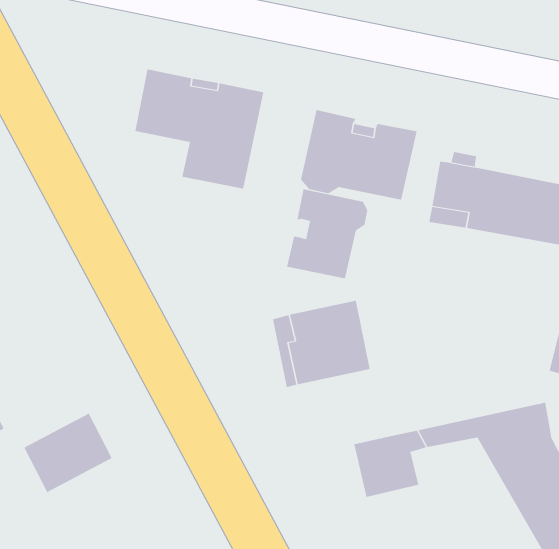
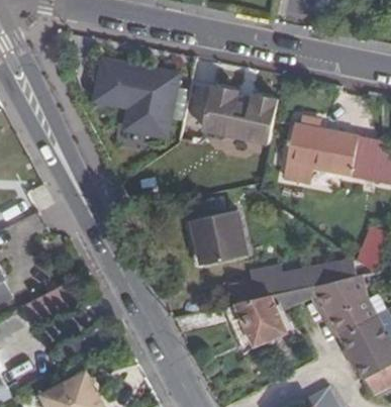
building: [286,189,368,279] -> none
building: none -> [249,263,356,300]

